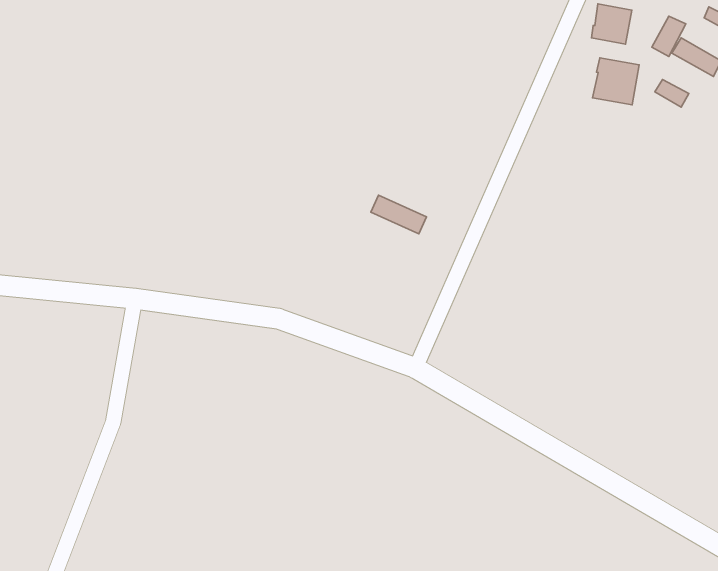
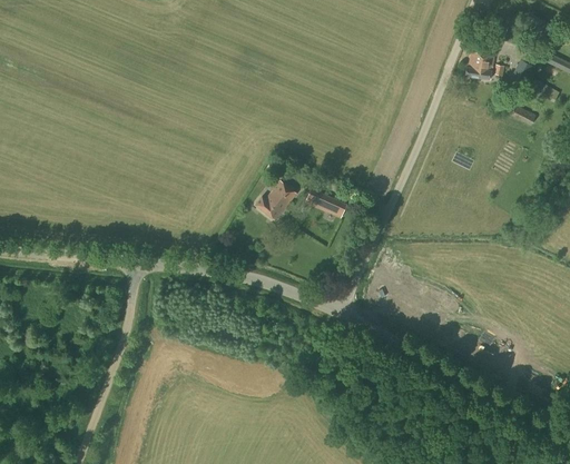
building: [593,58,639,105] -> none
building: none -> [256,180,296,218]

